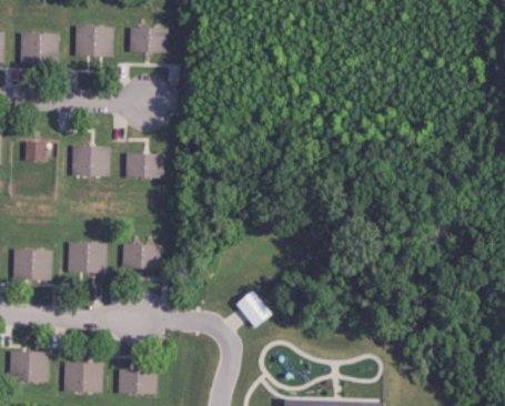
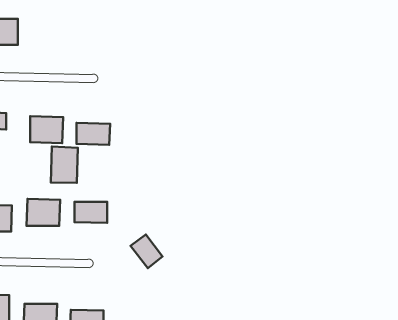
building: [75,26,114,57] -> none
building: [130,28,169,52] -> none
building: none -> [51,146,78,183]
building: [235,288,272,327] -> [131,234,162,268]

